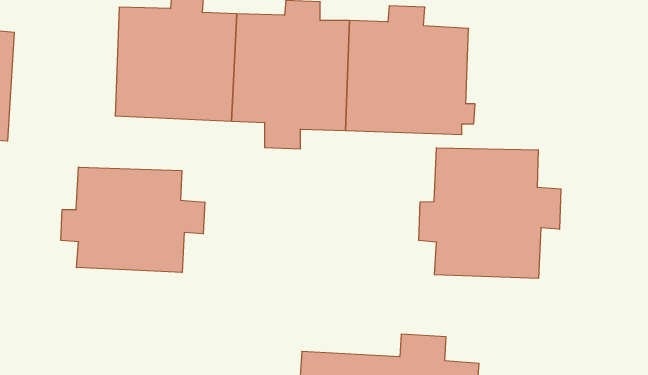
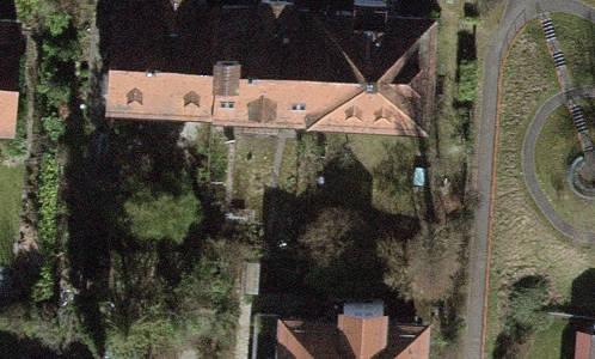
building: [419,148,561,278] -> none
building: [61,167,205,273] -> none

